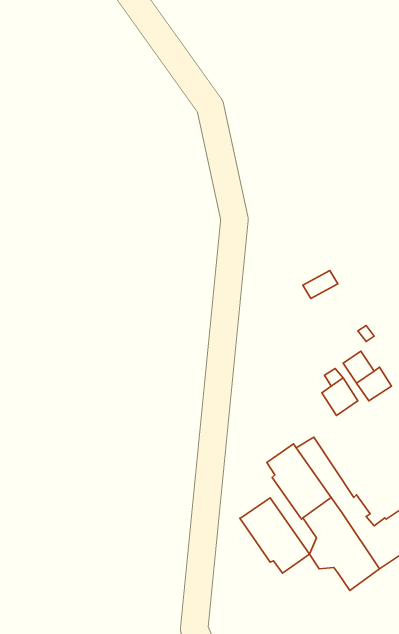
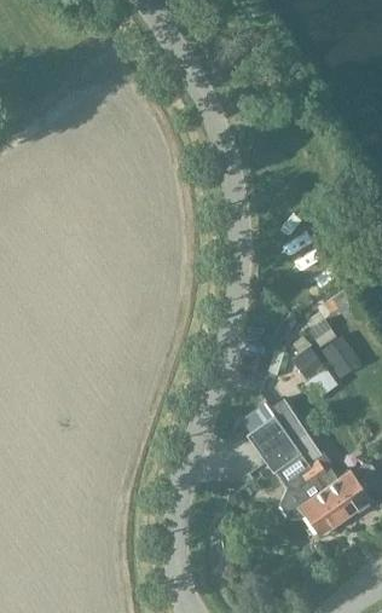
building: [240,498,310,573] -> none

